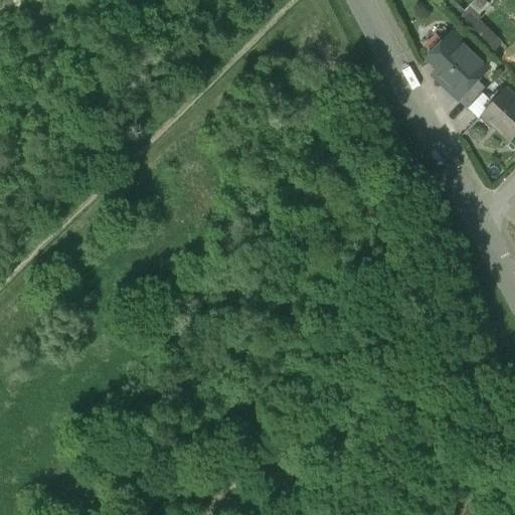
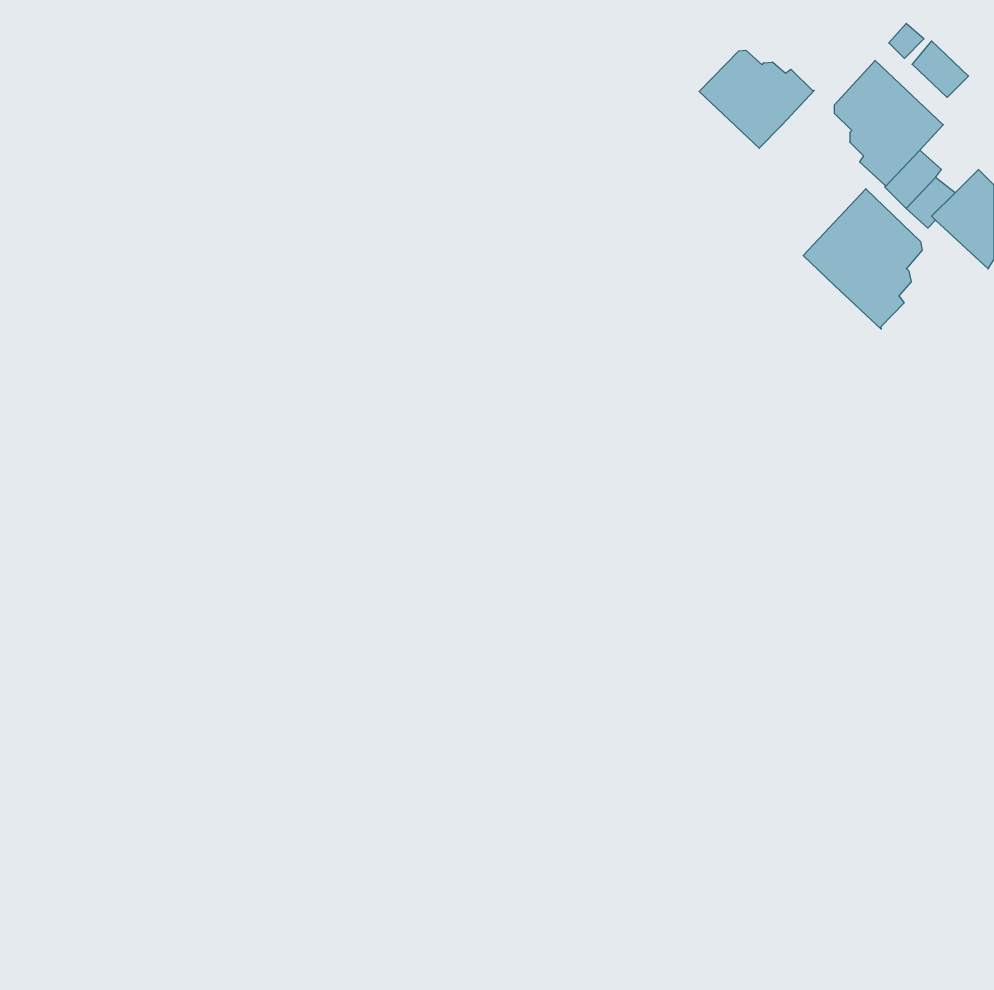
building: none -> [699,50,814,148]
building: none -> [803,189,922,329]

